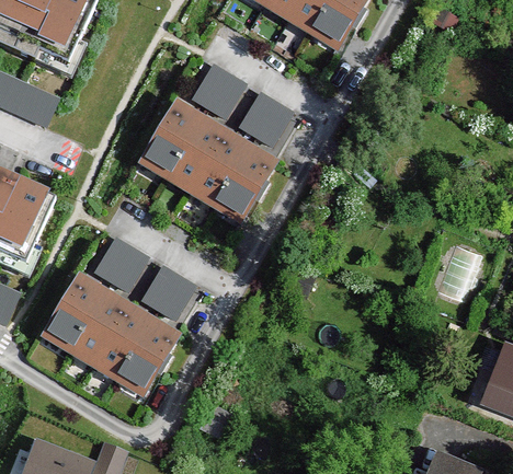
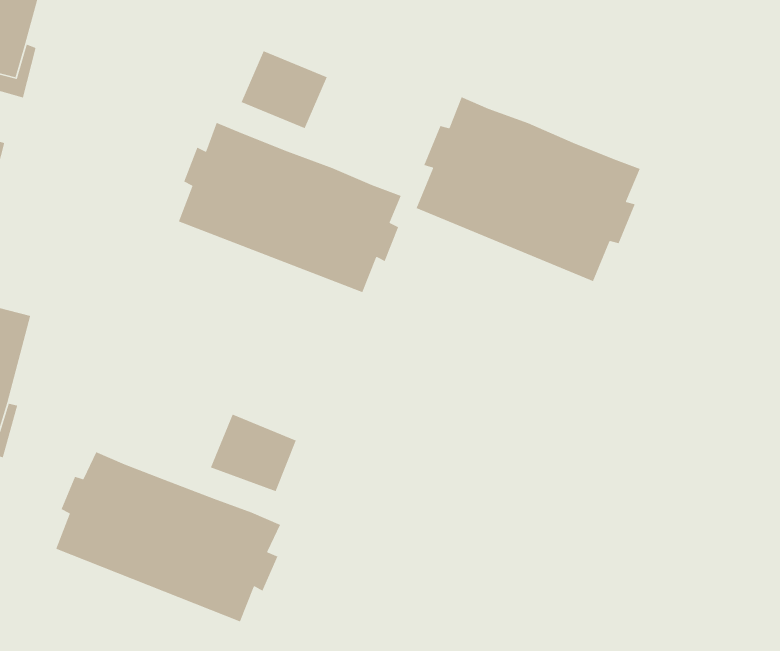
building: [240,95,290,143] -> none
building: none -> [416,96,641,282]
building: [96,241,147,289] -> none

